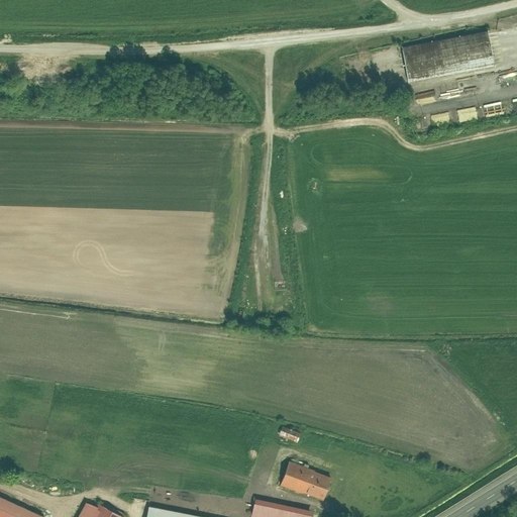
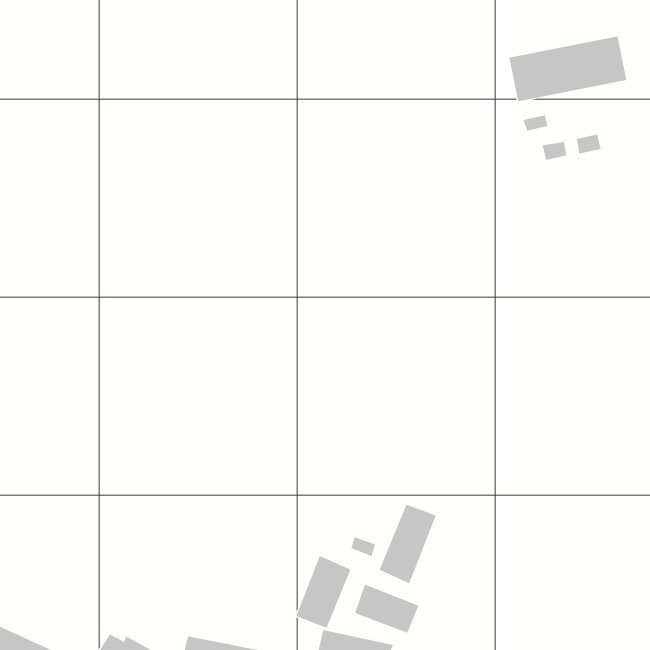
building: none -> [379,504,437,584]
building: none -> [295,555,351,628]

